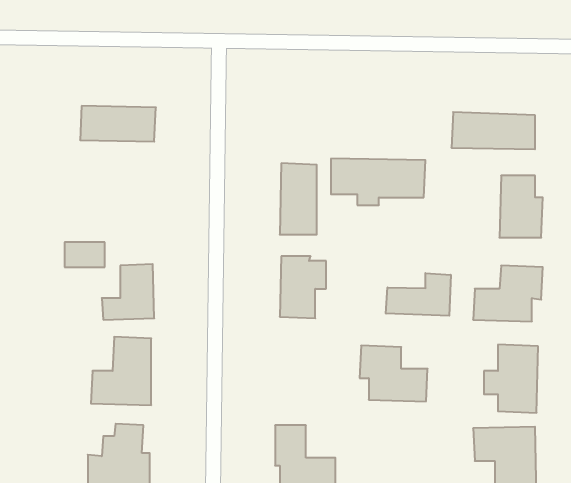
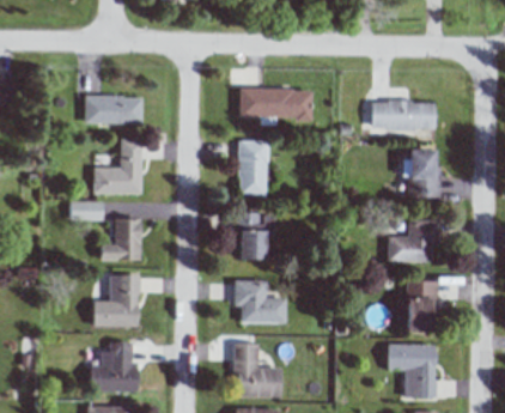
building: [331,159,425,205] -> [239,89,312,124]
building: none -> [93,139,141,194]
building: [386,273,451,316] -> none
building: [360,346,428,401] -> [235,280,287,323]

